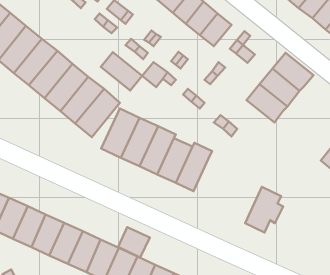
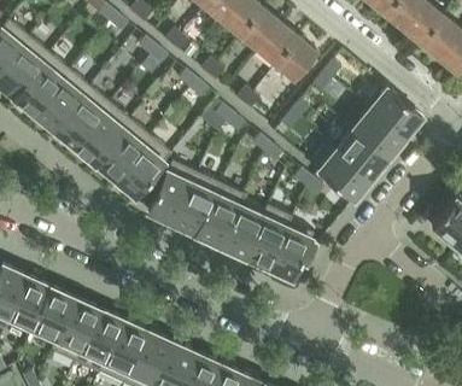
building: [101,52,142,91] -> none
building: none -> [318,151,372,200]
building: [245,187,283,232] -> [267,222,316,281]
building: [118,227,150,258] -> none

